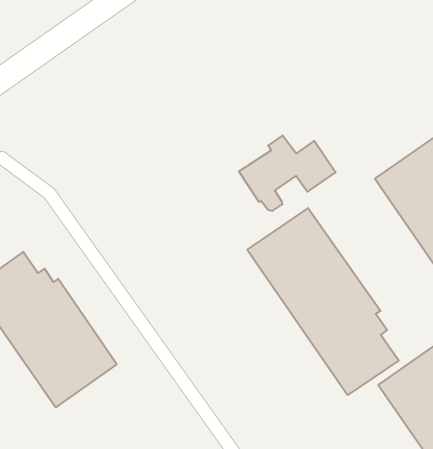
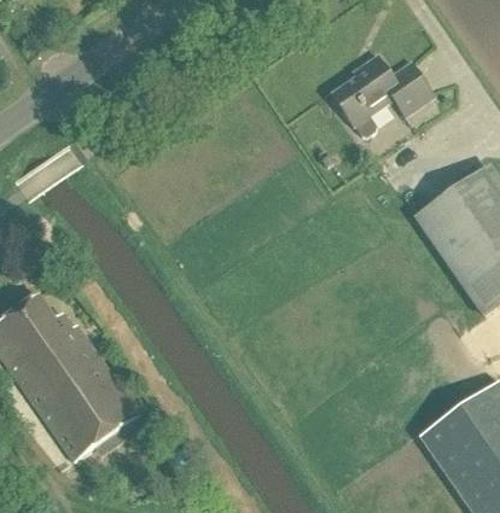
building: [239,135,336,211] -> [330,54,434,135]
building: [247,208,399,395] -> none

